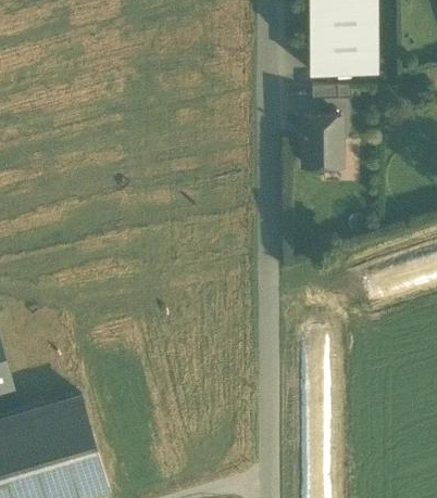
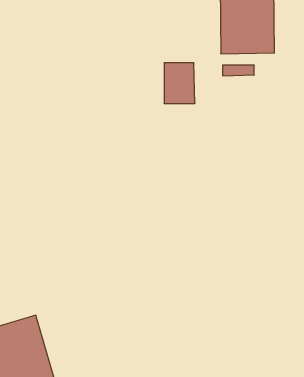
building: [304,118,342,168] -> [164,63,195,103]

